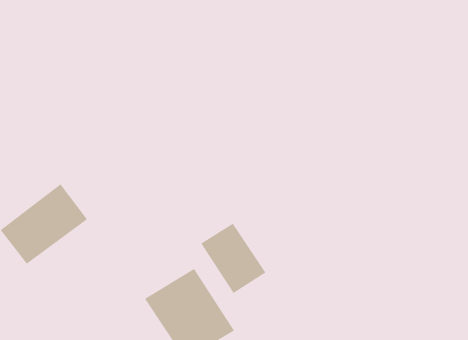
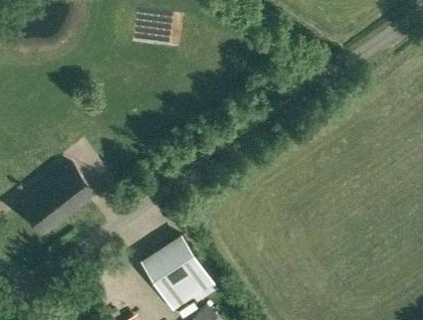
building: [201,223,266,294] -> none

